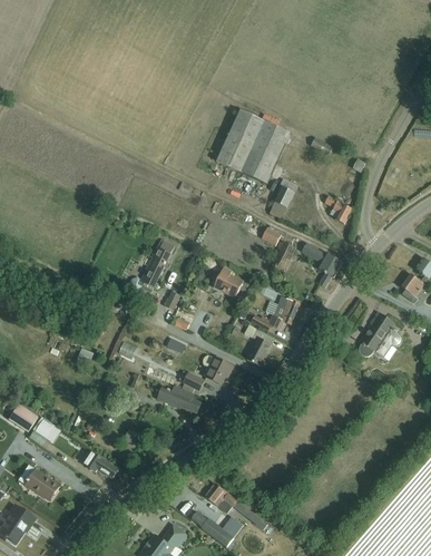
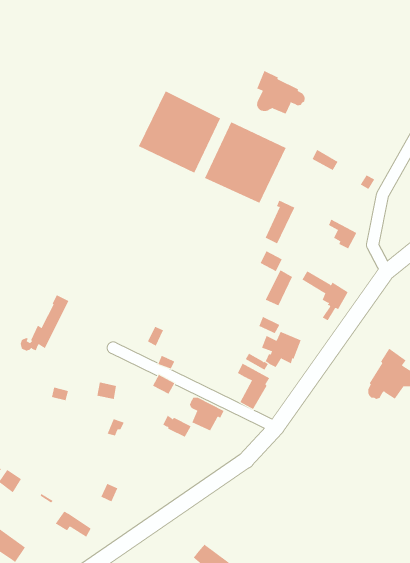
building: none -> [256,70,305,115]
building: none -> [138,91,221,173]
building: [131,240,175,290] -> [20,294,69,351]
building: [214,267,244,297] -> none
building: [158,387,202,412] -> none

